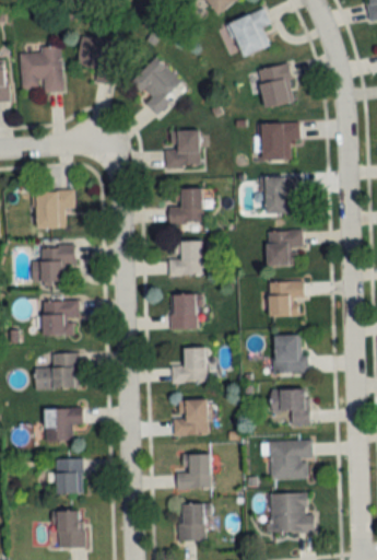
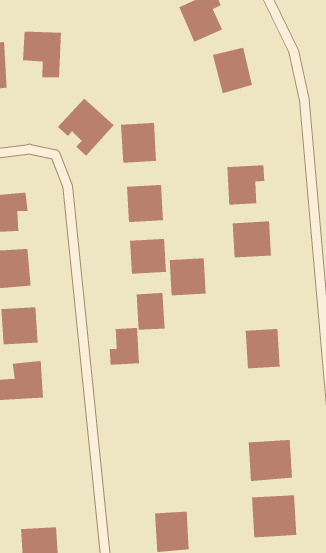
building: [128,59,182,115] -> [57,98,114,157]
building: [261,125,298,162] -> none
building: [269,281,303,316] -> [169,257,206,296]
building: [177,347,205,382] -> [109,327,140,366]
building: [271,388,309,424] -> none
building: [175,399,208,434] -> none
building: [44,407,82,441] -> none
building: [177,453,211,489] -> none
building: [55,458,82,493] -> none

